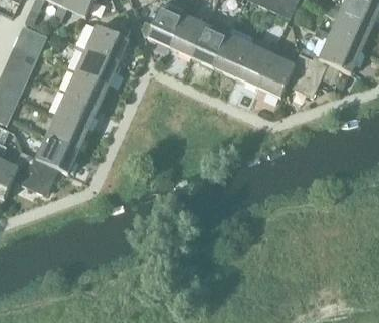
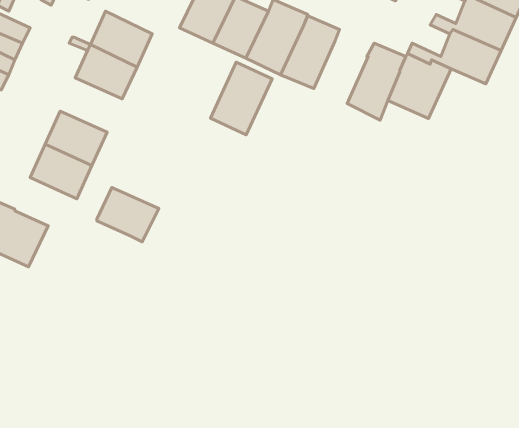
building: [235,44,271,86] -> none
building: none -> [210,62,272,135]
building: [66,68,108,105] -> none
building: [36,135,77,171] -> [97,187,159,242]

